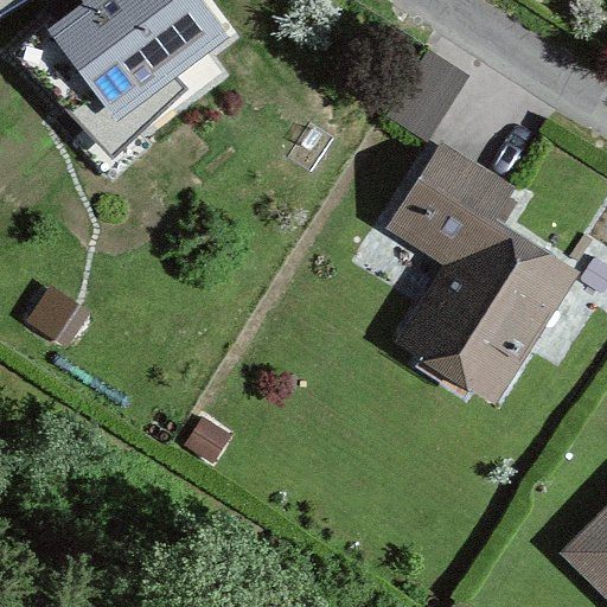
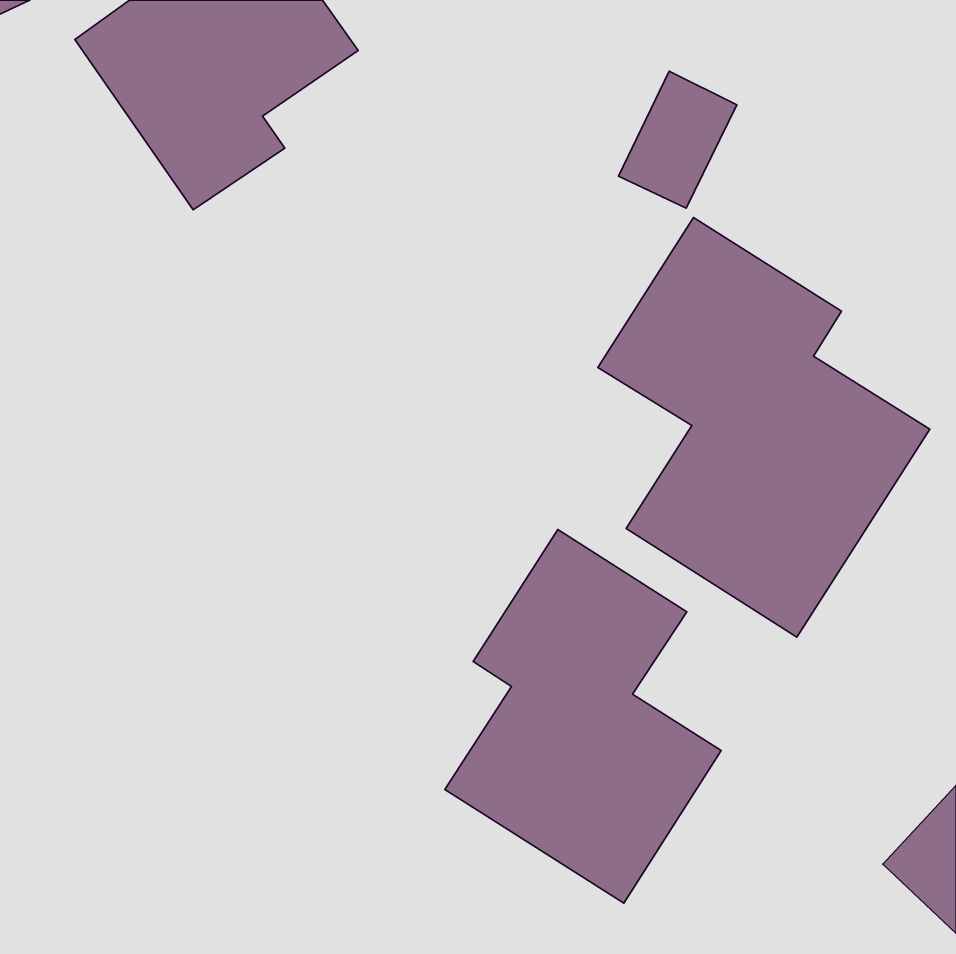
building: none -> [445,530,721,903]

